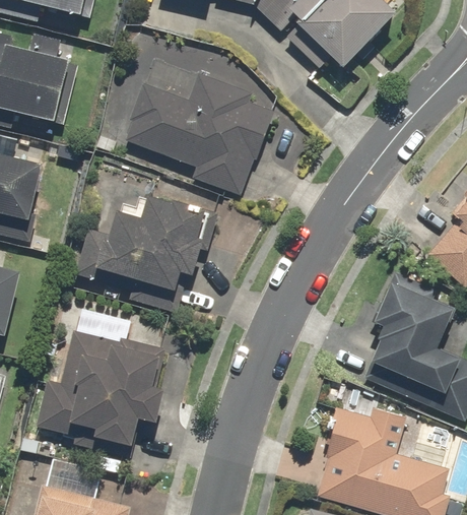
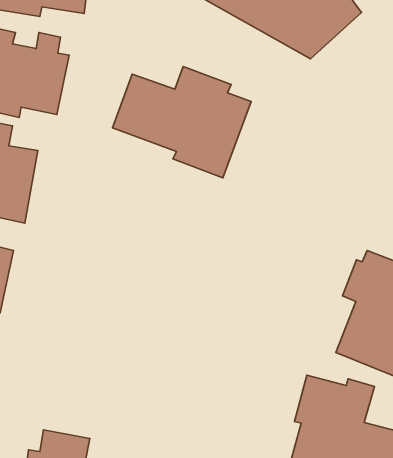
building: [73,193,207,311] -> none
building: [37,332,164,453] -> none

